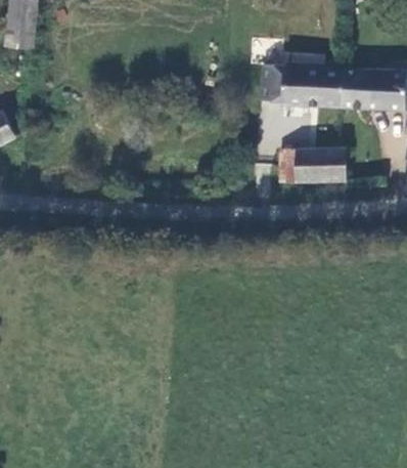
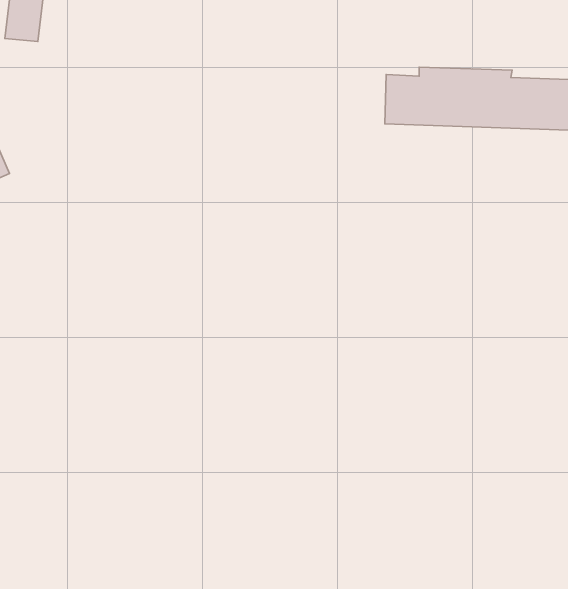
building: [284,152,348,184] -> none

